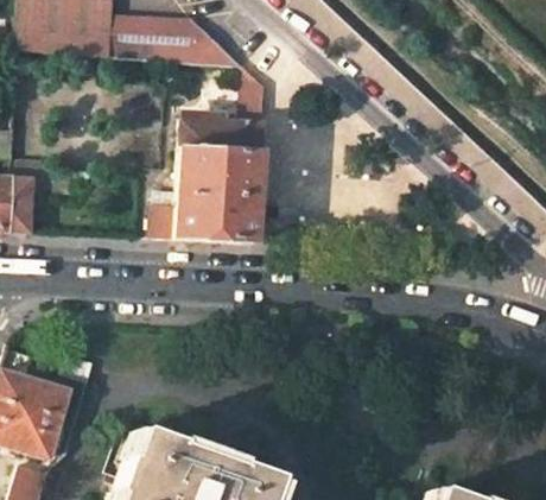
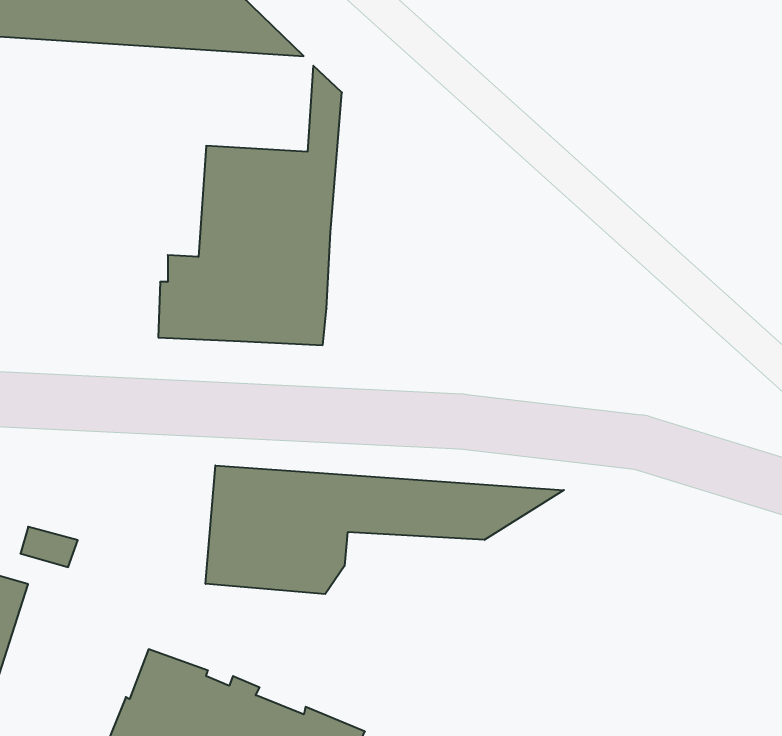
building: none -> [206,465,564,594]

